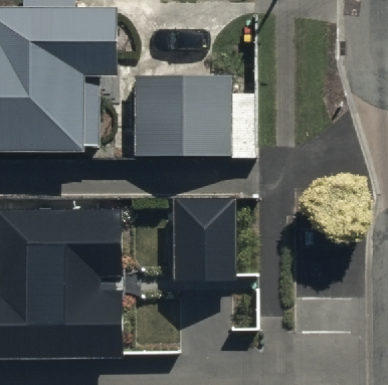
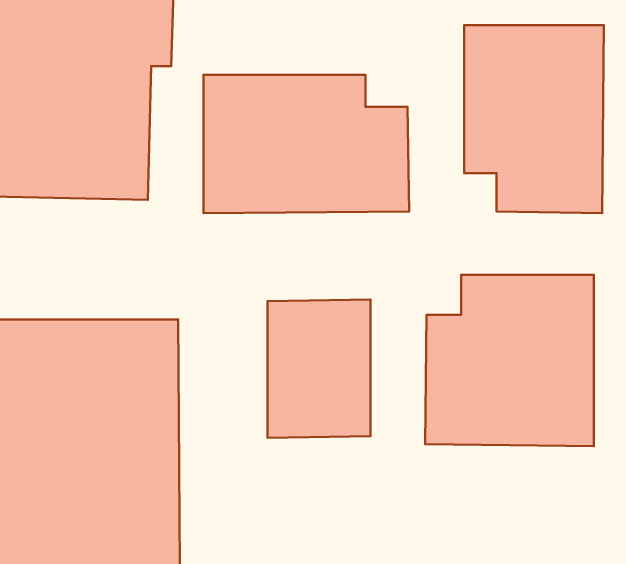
building: none -> [464,25,604,213]
building: none -> [425,275,594,446]

